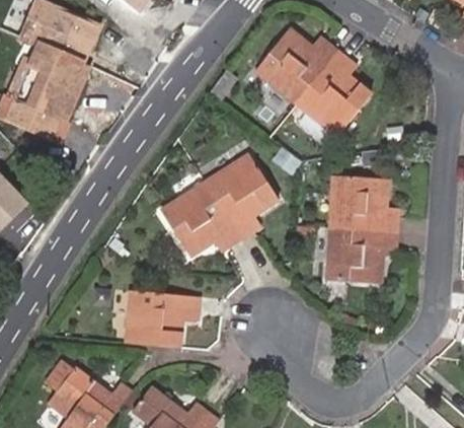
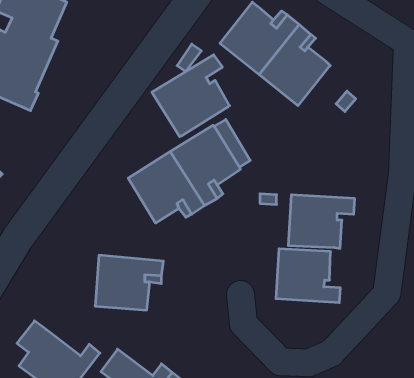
building: none -> [152,55,230,137]
building: [330,175,397,231] -> [276,249,340,303]

